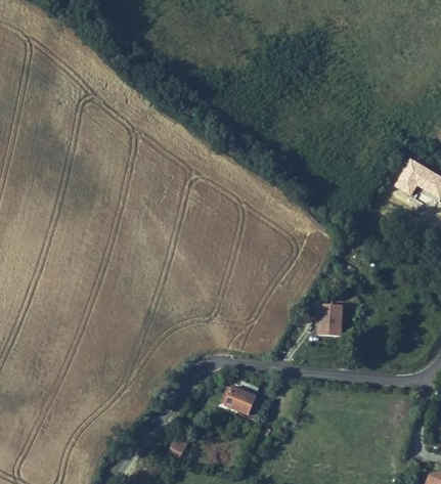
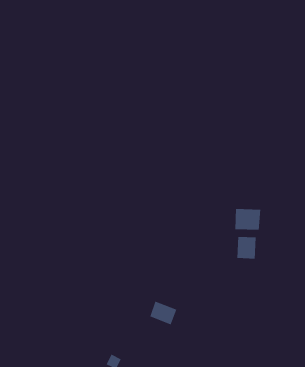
building: none -> [235,208,261,230]

